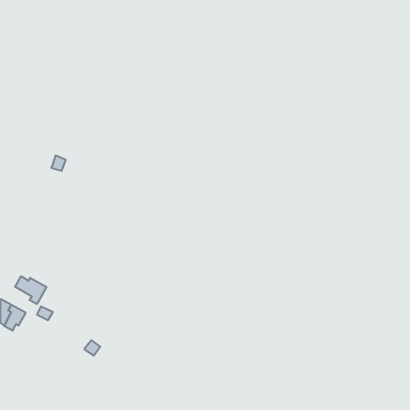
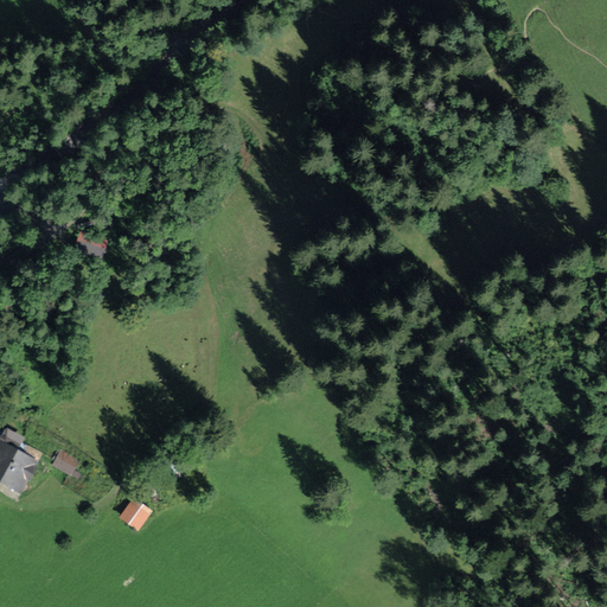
building: [15,276,46,304] -> none

